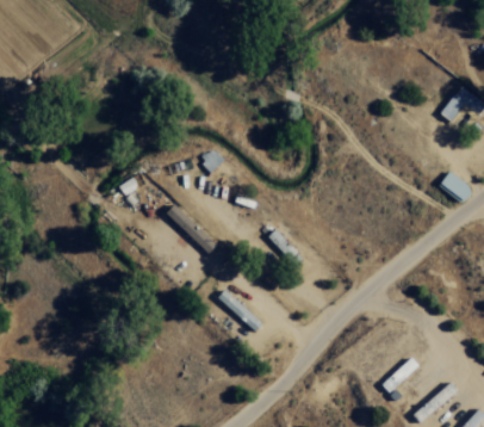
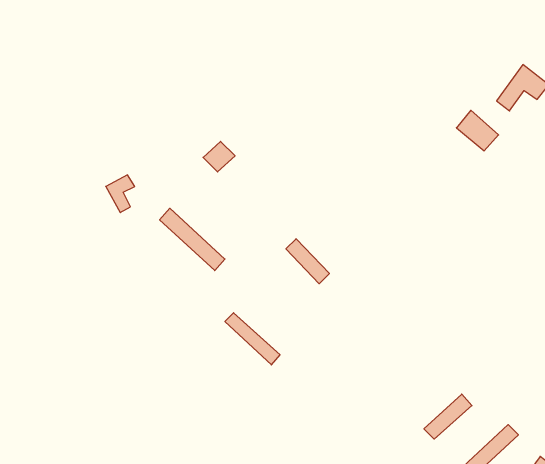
building: [438,169,472,203] -> [456,110,499,151]

